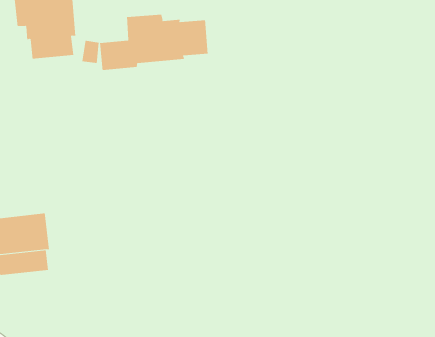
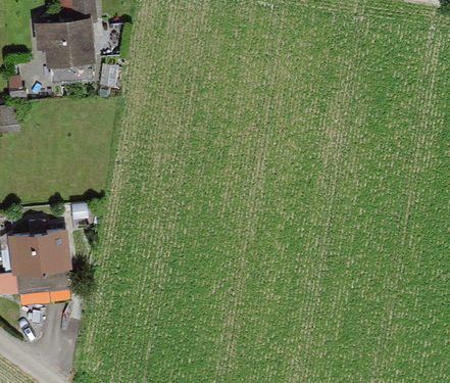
building: [99,14,208,71] -> none

